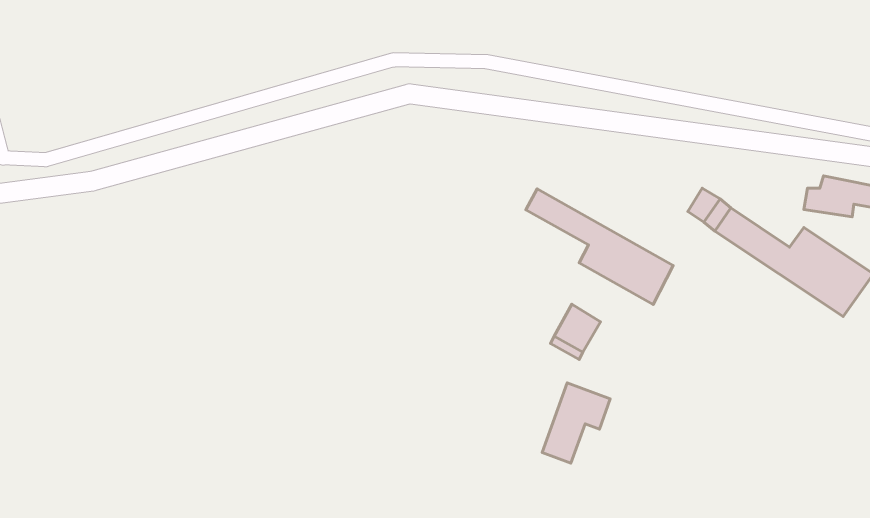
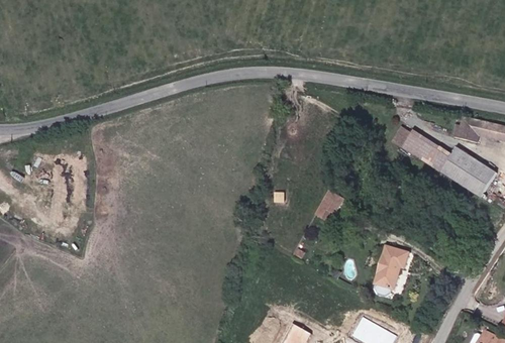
building: [526,189,673,304] -> none
building: [542,383,610,463] -> [374,245,412,291]

